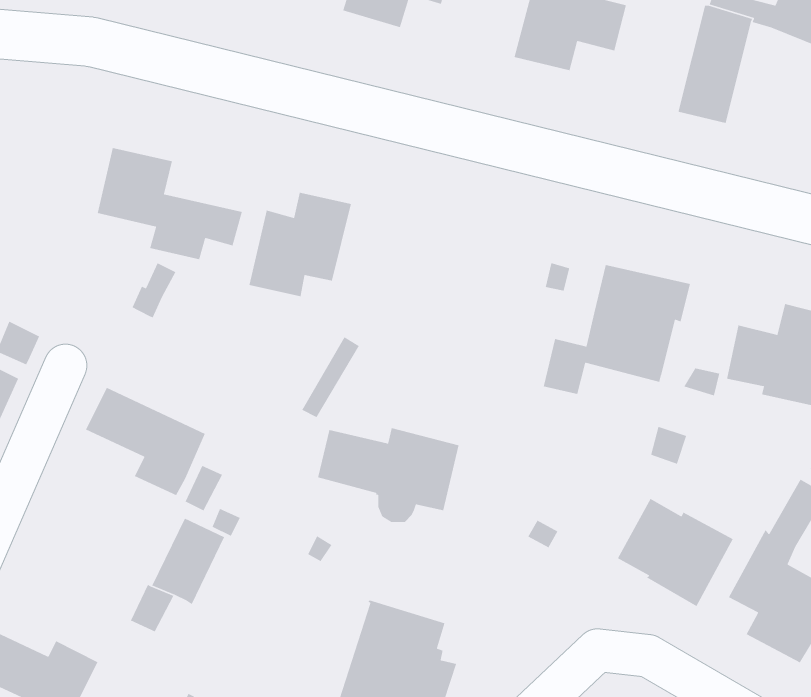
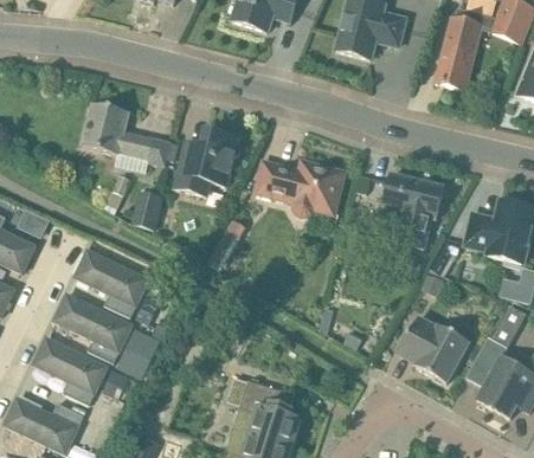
building: none -> [130,191,162,228]
building: [317,427,459,523] -> [256,160,342,218]
building: none -> [53,291,131,361]
building: none -> [33,335,107,404]

